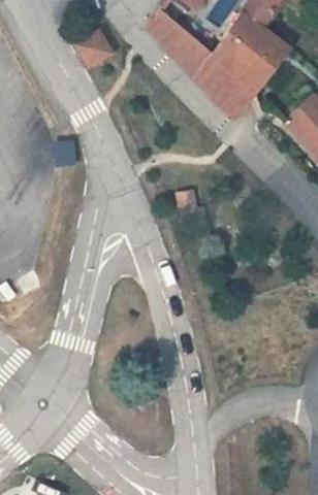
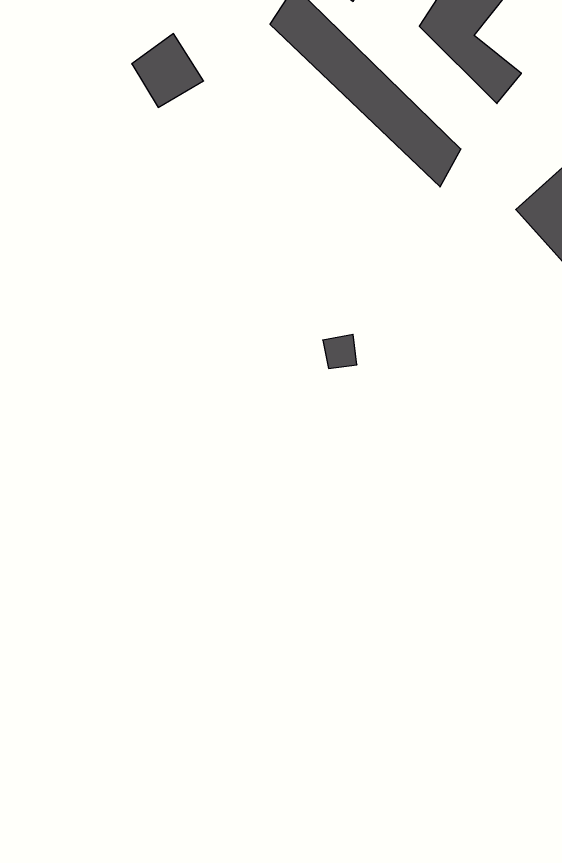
building: [214,24,274,91] -> none

